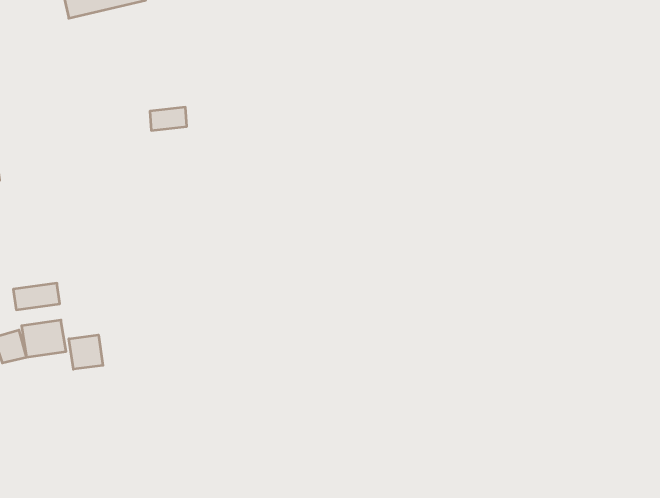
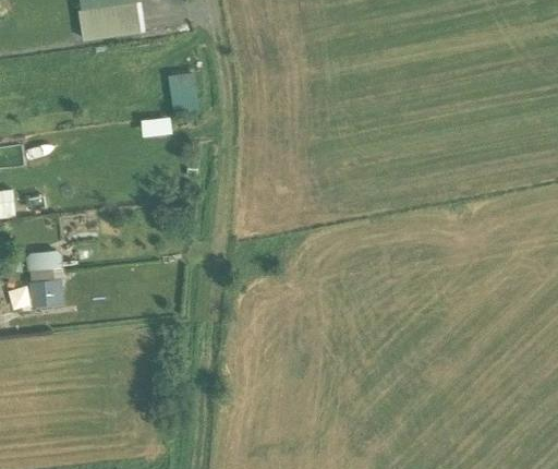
building: none -> [167,71,199,113]
building: [69,335,103,369] -> none

